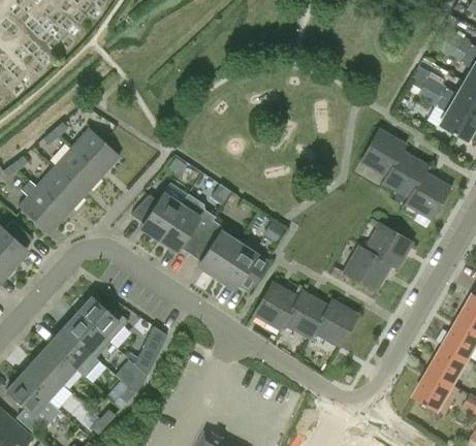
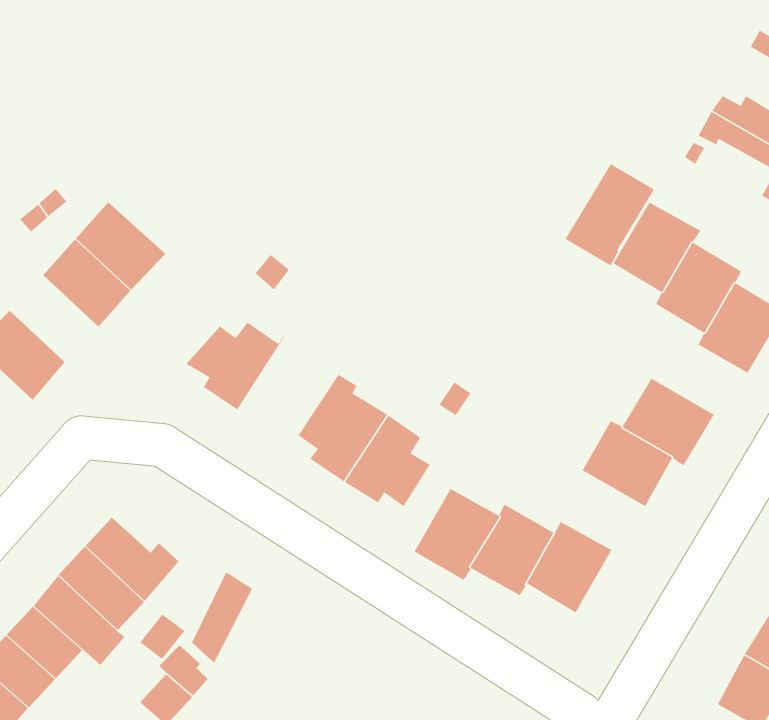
building: none -> [564,163,654,267]
building: [37,167,85,214] -> none
building: [159,193,215,253] -> none

